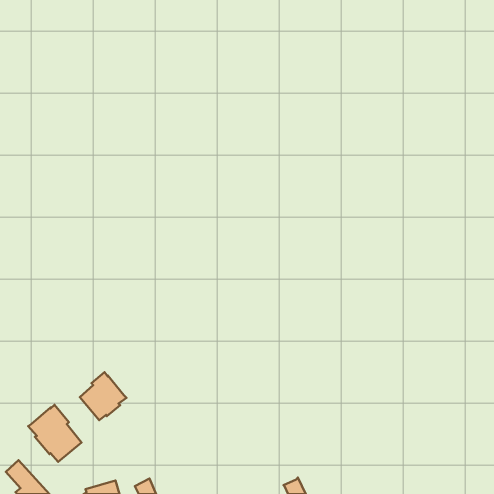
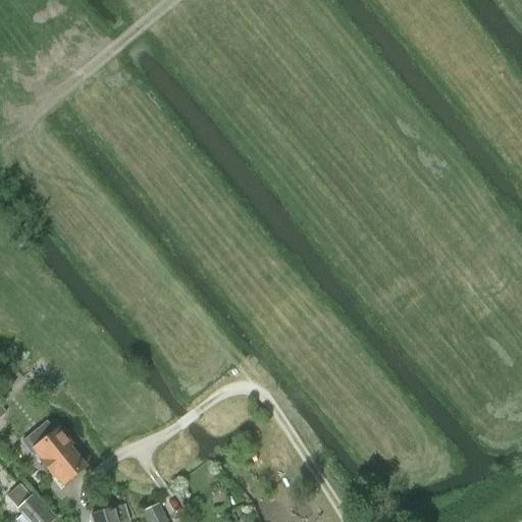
building: [80,372,126,420] -> none

